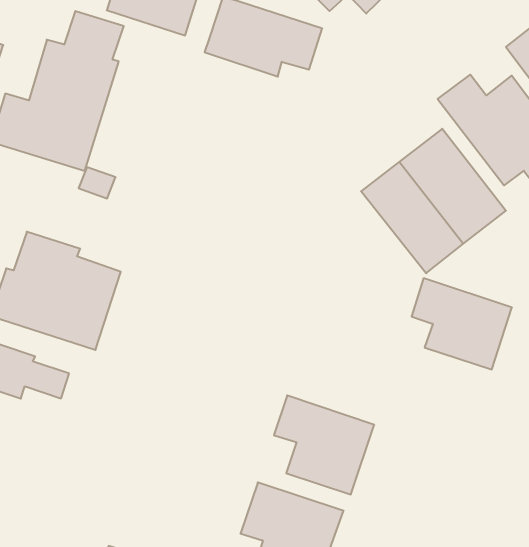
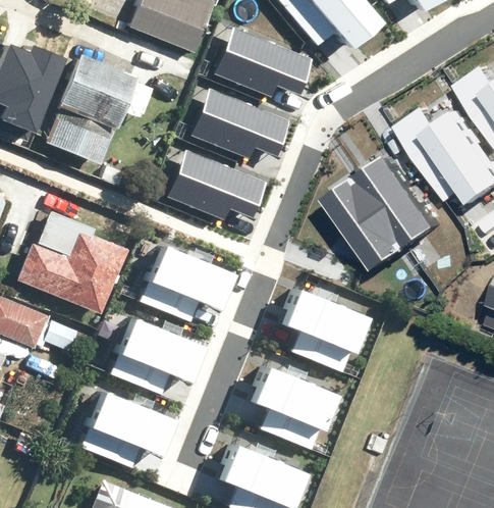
building: none -> [189,86,288,156]
building: none -> [165,149,263,218]
building: none -> [134,246,229,326]
building: [412,278,512,370] -> [278,292,363,372]
building: none -> [106,314,204,395]
building: none -> [78,383,173,464]

